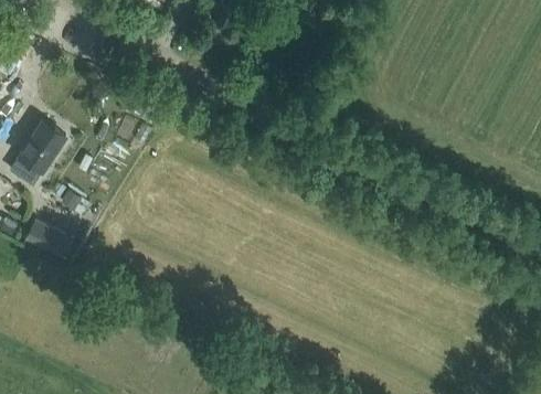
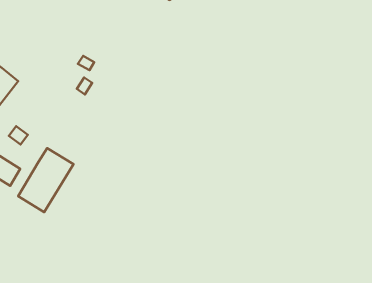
building: none -> [18,148,74,212]

